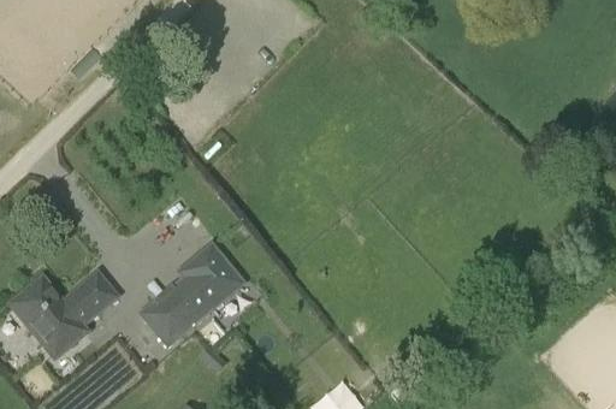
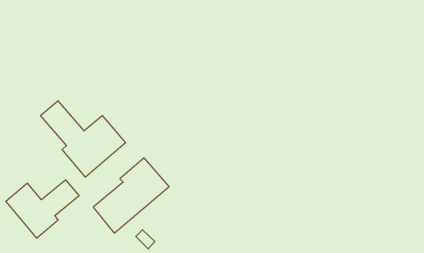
building: none -> [41,101,126,177]

